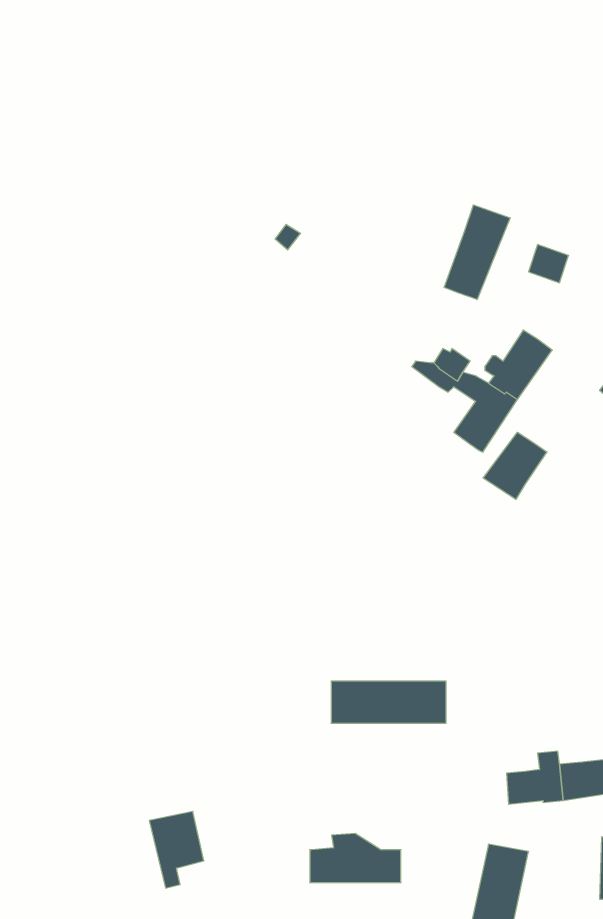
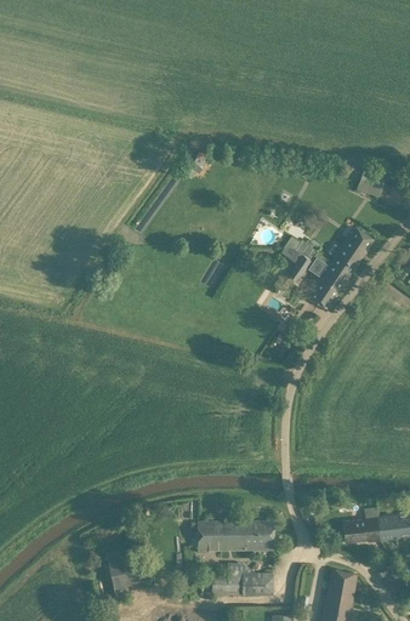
building: [444,205,510,300] -> none
building: [483,432,547,499] -> none
building: [331,681,446,723] -> [198,522,274,549]

